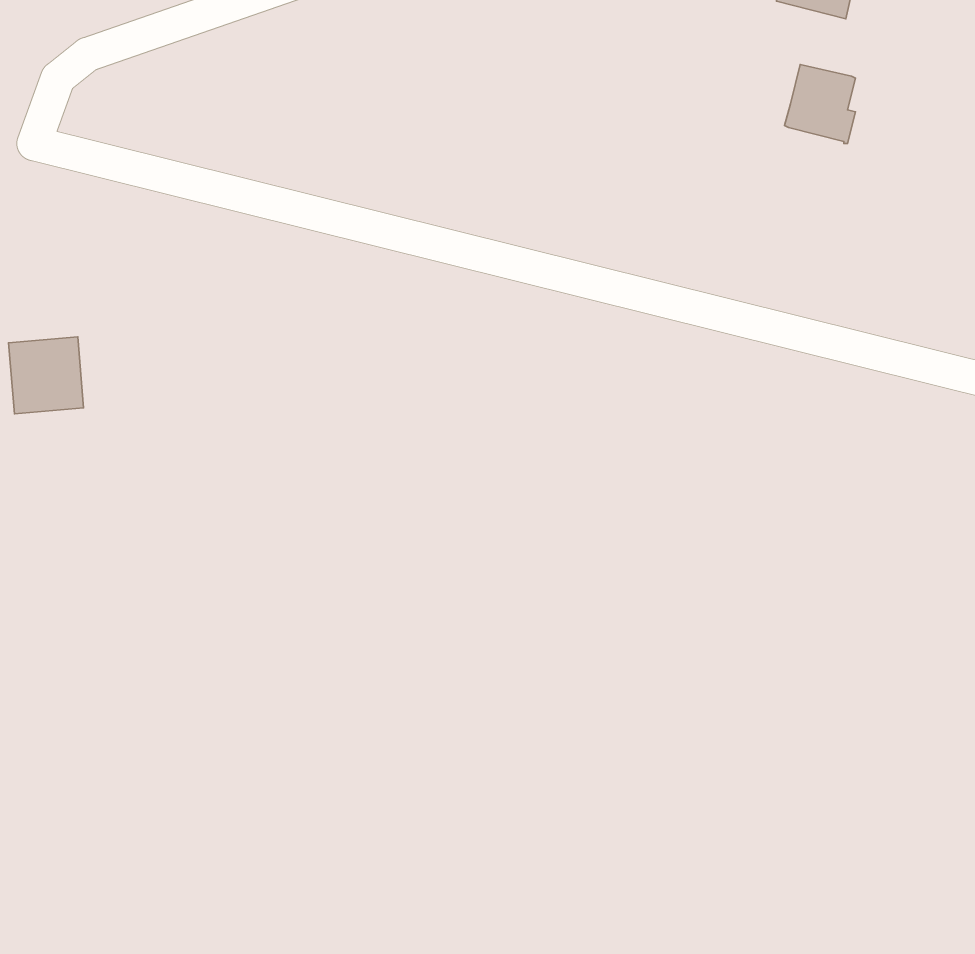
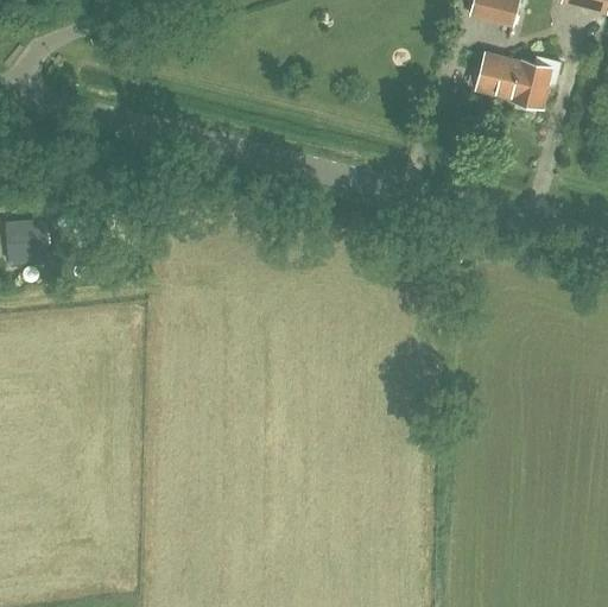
building: none -> [512,56,559,112]

